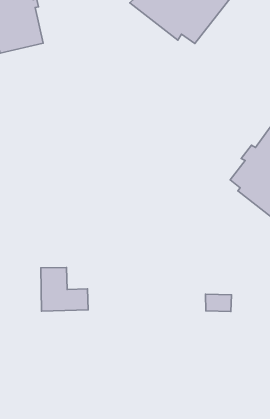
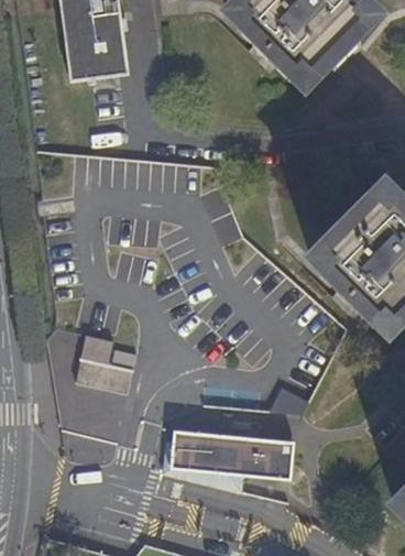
building: none -> [166,425,304,486]

